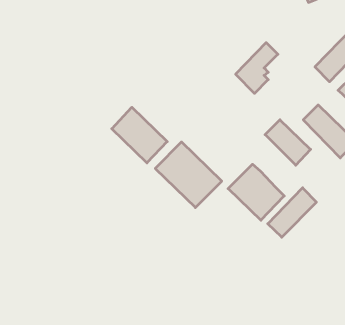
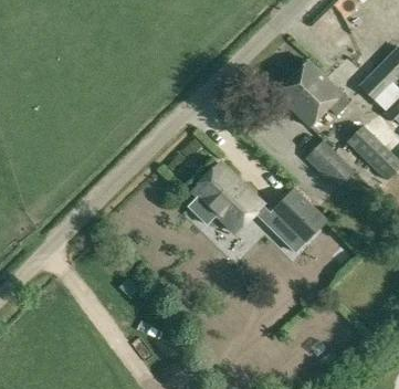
building: none -> [296,73,342,127]
building: [112,107,167,163] -> none
building: [268,188,316,237] -> none

